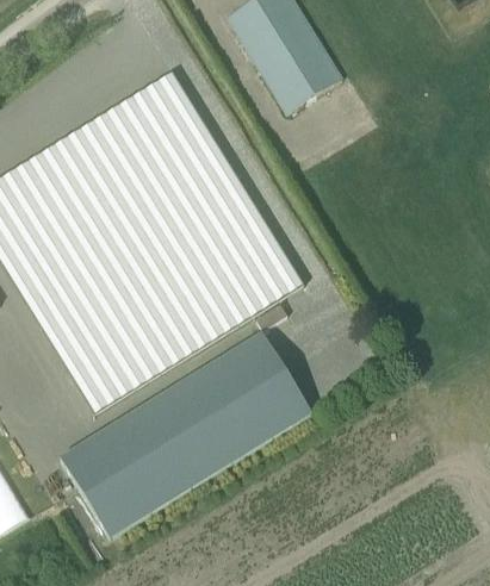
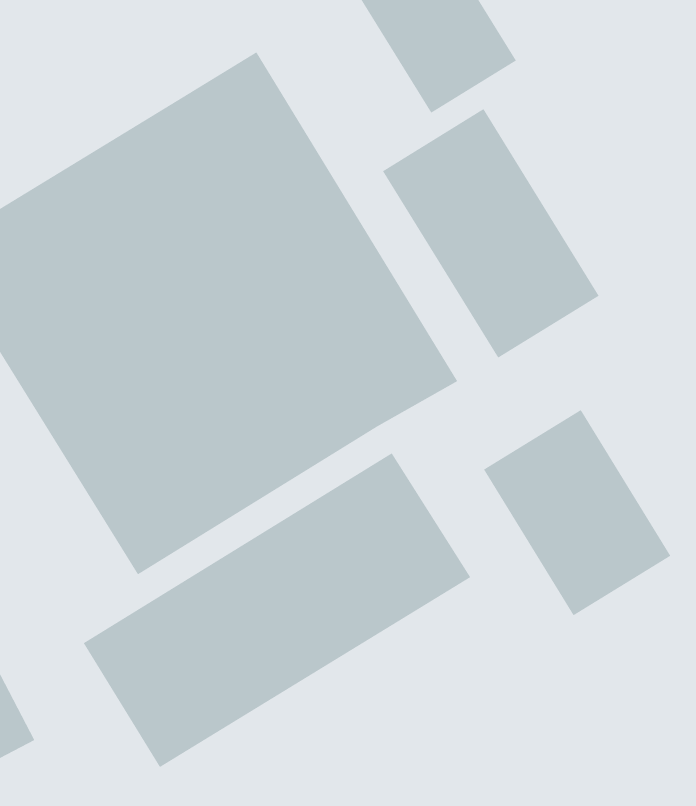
building: none -> [382,108,600,359]
building: none -> [483,409,671,616]

